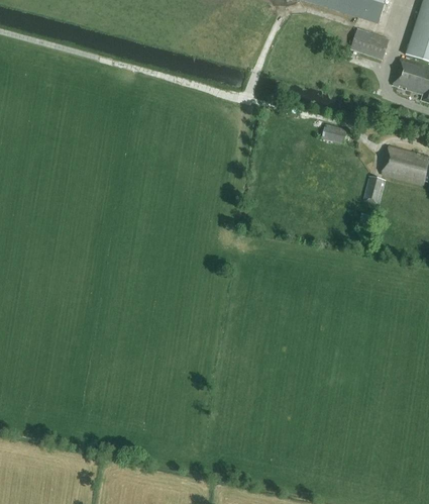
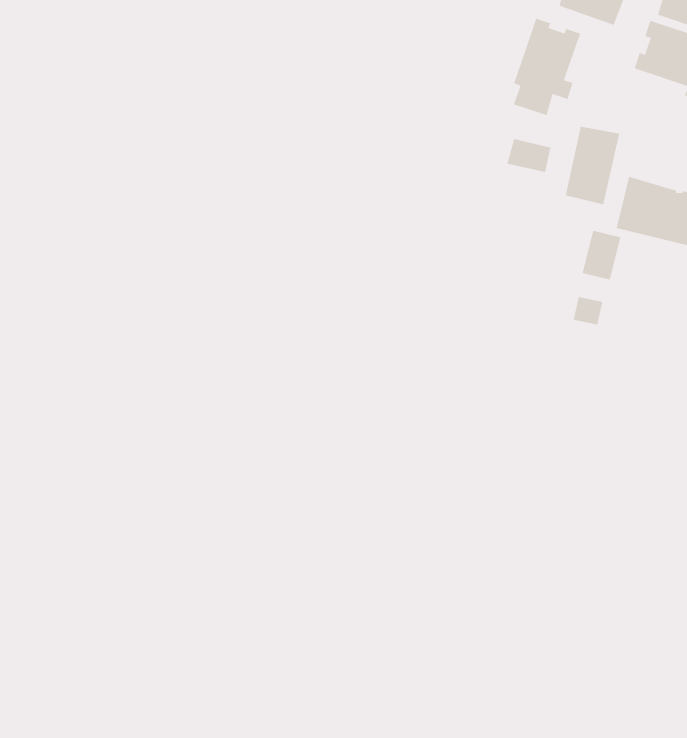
building: none -> [513,18,581,116]
building: none -> [565,126,620,205]

